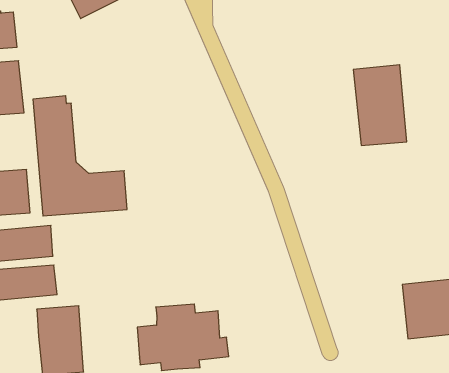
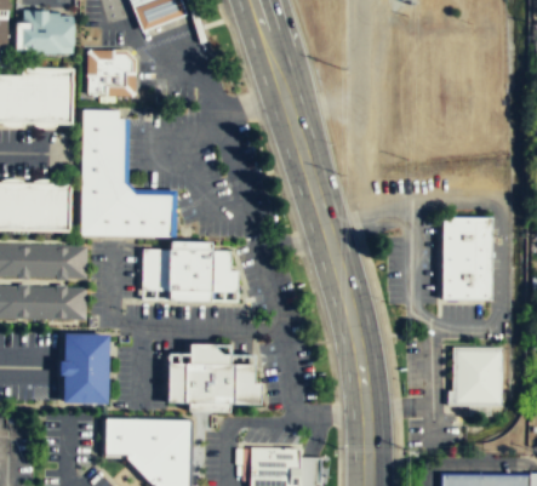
building: none -> [87,51,133,95]
building: [353,65,407,145] -> [442,218,492,301]
building: none -> [141,241,239,303]

